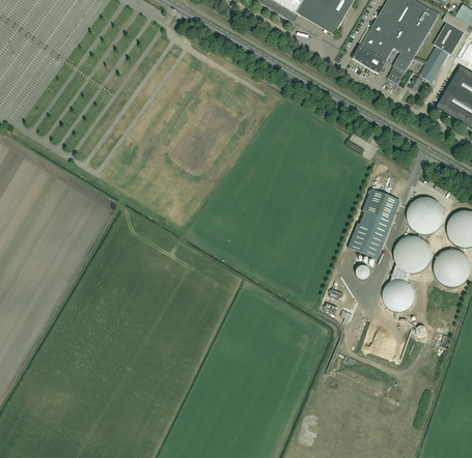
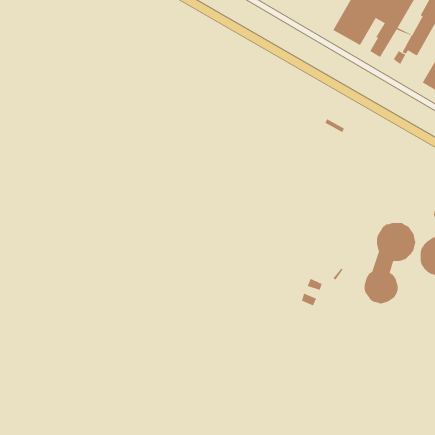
building: [348,188,400,258] -> none
building: [406,196,443,232] -> none

